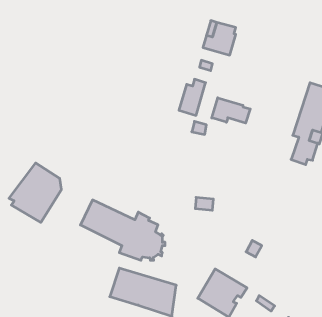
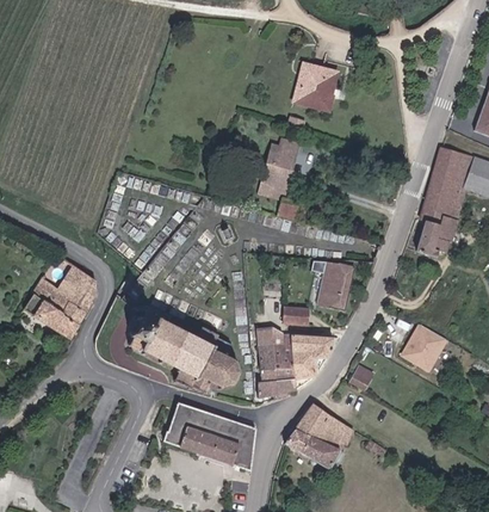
building: [212,98,250,123] -> none
building: none -> [315,260,353,310]
building: none -> [400,321,448,371]
building: none -> [256,326,330,399]

